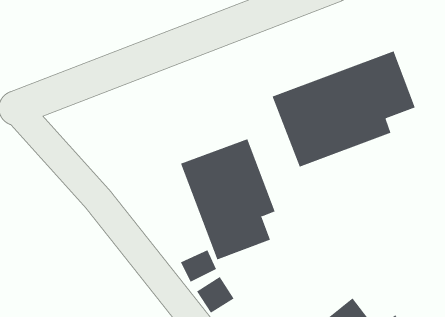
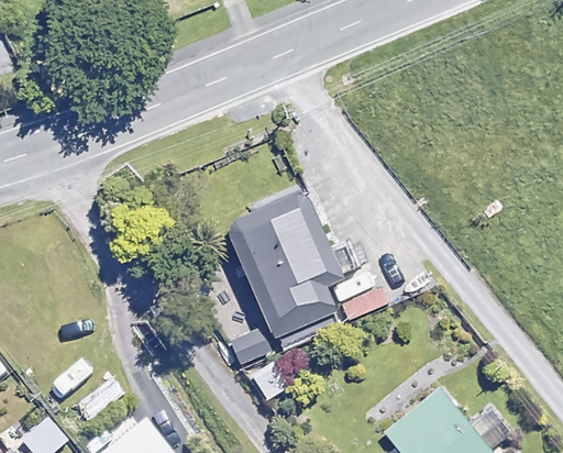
building: [272,50,415,167] -> none

